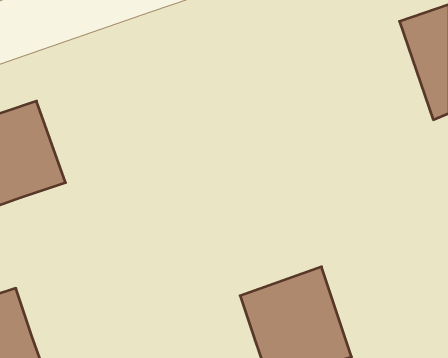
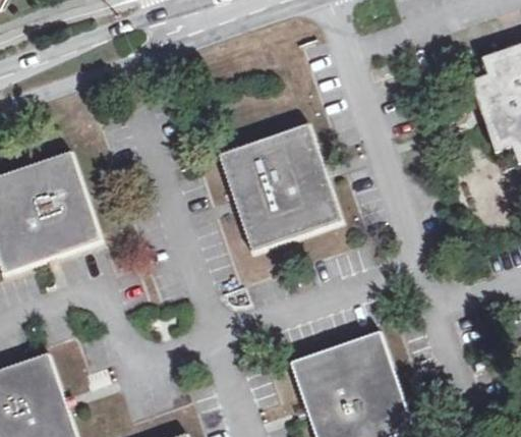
building: none -> [220,122,342,251]

